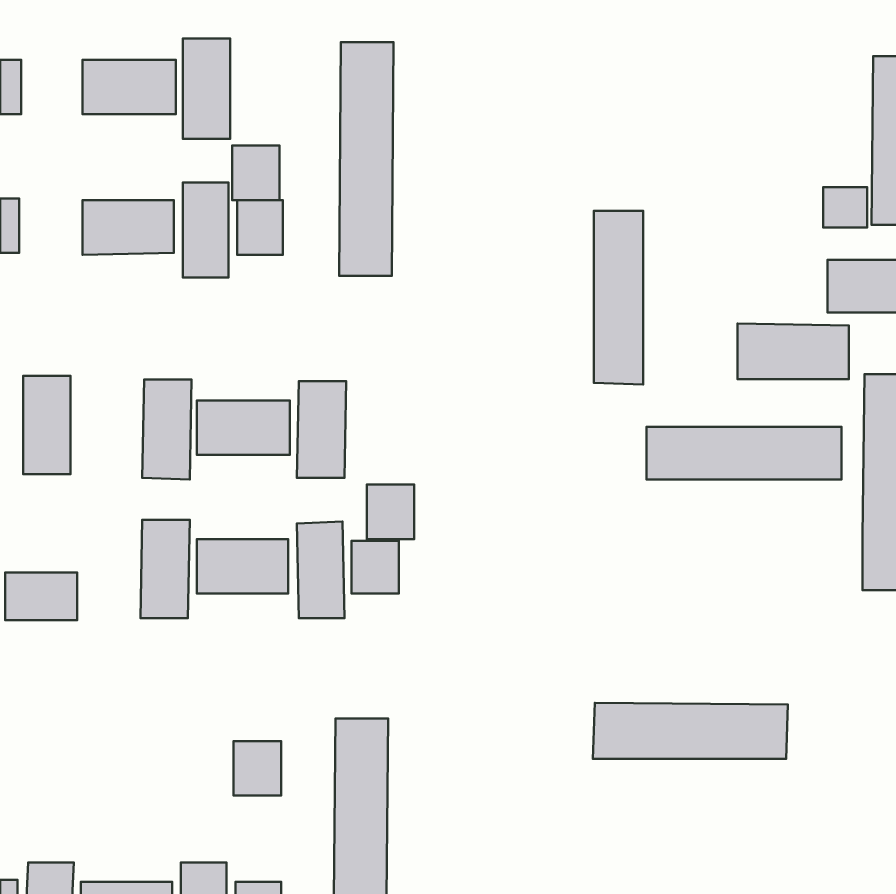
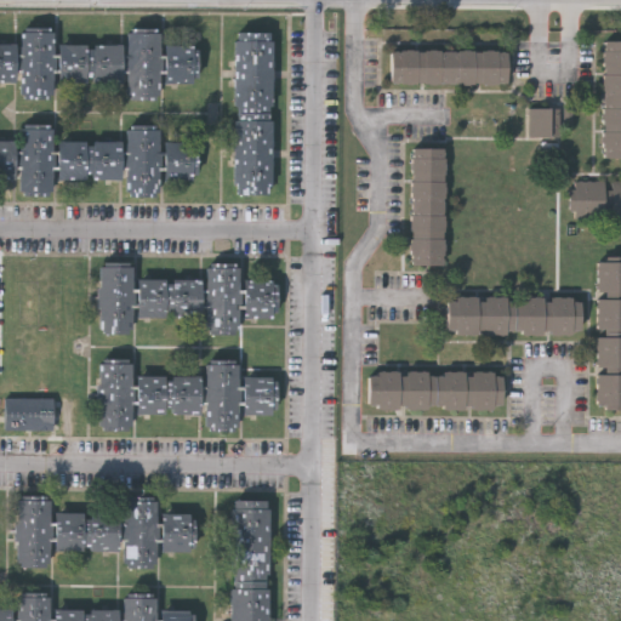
building: none -> [21,30,55,96]
building: none -> [392,51,508,85]
building: [232,146,280,200] -> [165,44,198,81]
building: [823,187,867,228] -> [530,109,560,137]
building: [738,324,849,379] -> none
building: [23,376,71,474] -> [21,126,53,194]
building: [367,485,414,539] -> [244,279,277,317]
building: [593,703,788,759] -> [369,370,503,409]
building: none -> [19,500,52,568]
building: none -> [127,502,160,569]
building: none -> [57,514,121,552]

